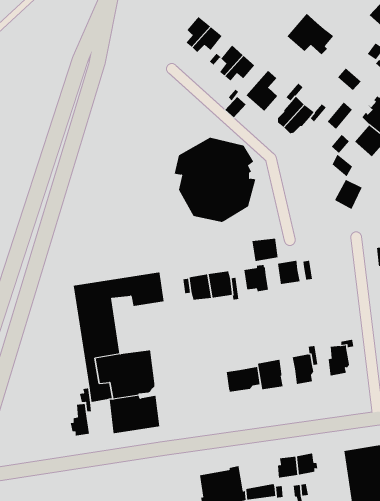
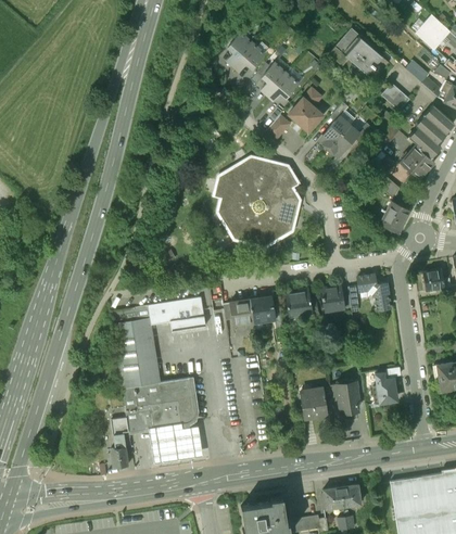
building: [252,238,278,262] -> none
building: none -> [357,274,389,307]
building: [226,366,260,393] -> none

